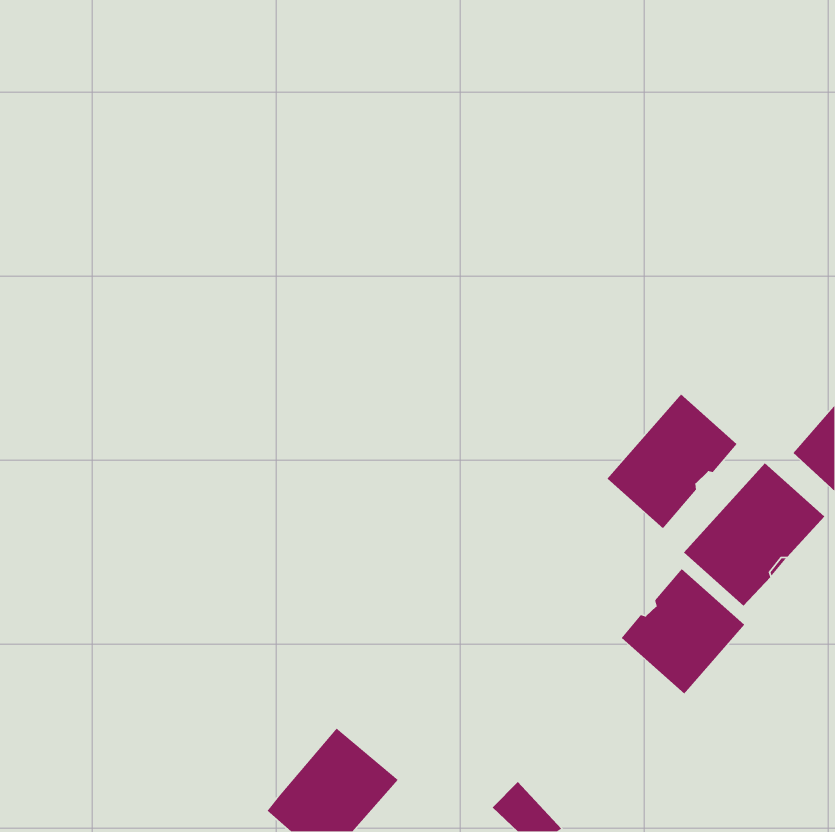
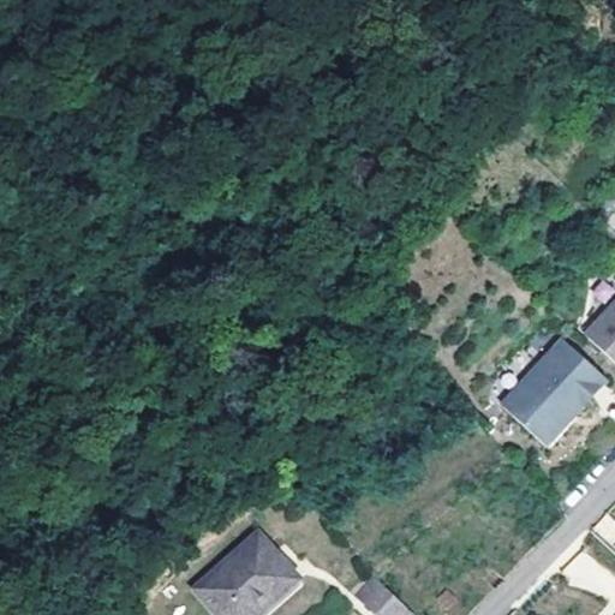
building: [607,394,737,529] -> none
building: [621,568,745,695] -> none

